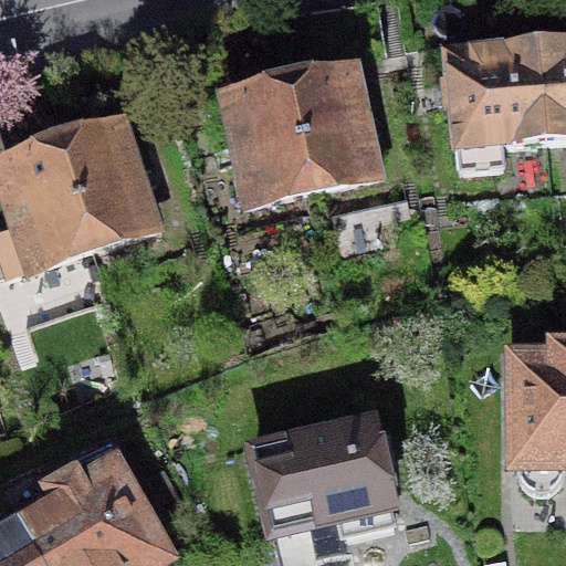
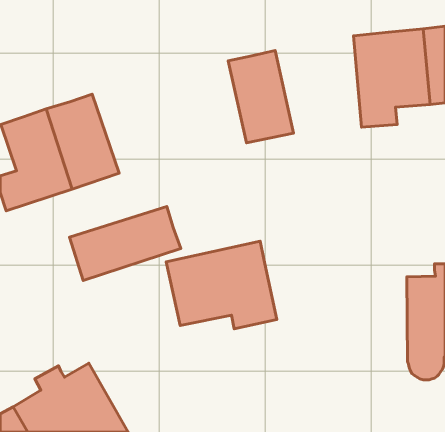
building: [229,77,313,195] -> none
building: none -> [69,207,181,280]
building: [254,418,395,530] -> [166,241,277,329]

